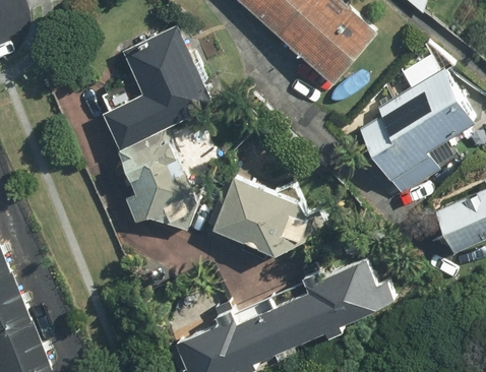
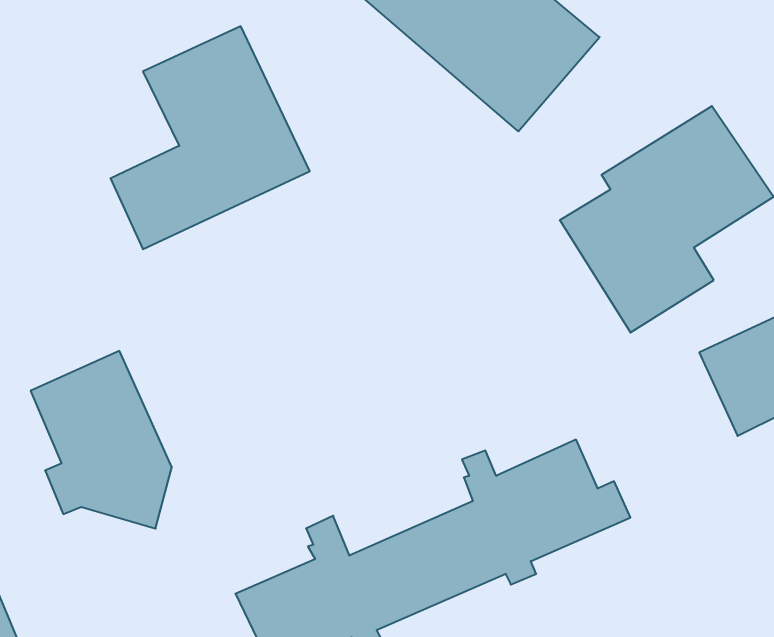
building: [118,131,197,231] -> [31,351,172,529]
building: [211,177,329,256] -> none

